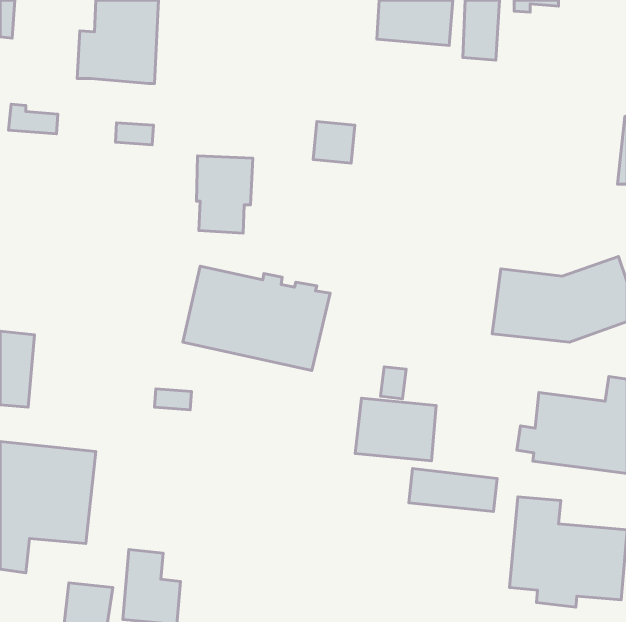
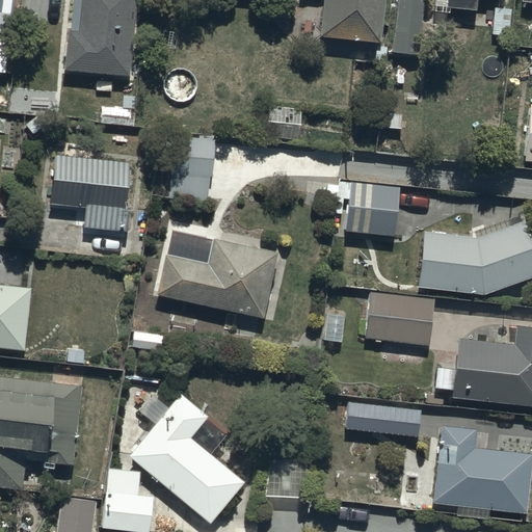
building: none -> [53,157,131,231]
building: none -> [335,183,399,238]
building: [355,398,436,461] -> [365,293,433,346]
building: none -> [130,394,245,524]

